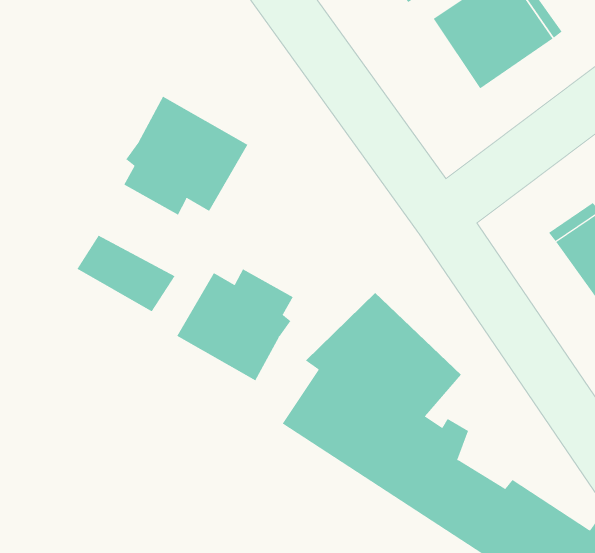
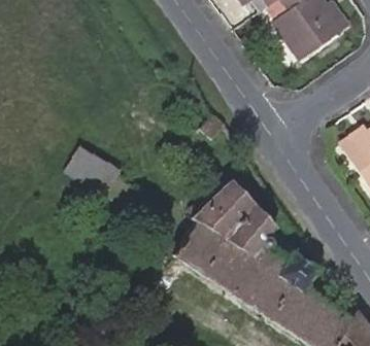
building: [123,96,248,215] -> none
building: [177,268,293,381] -> none

